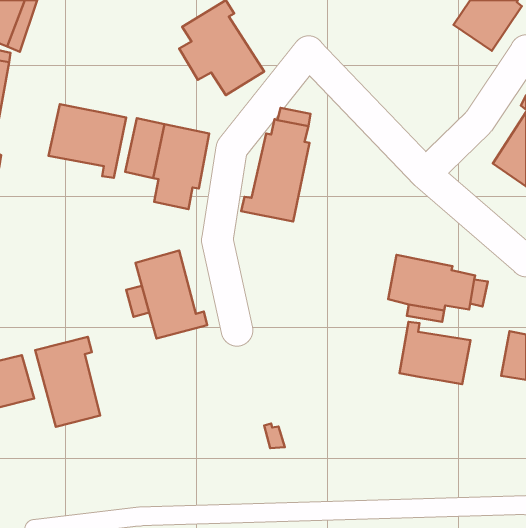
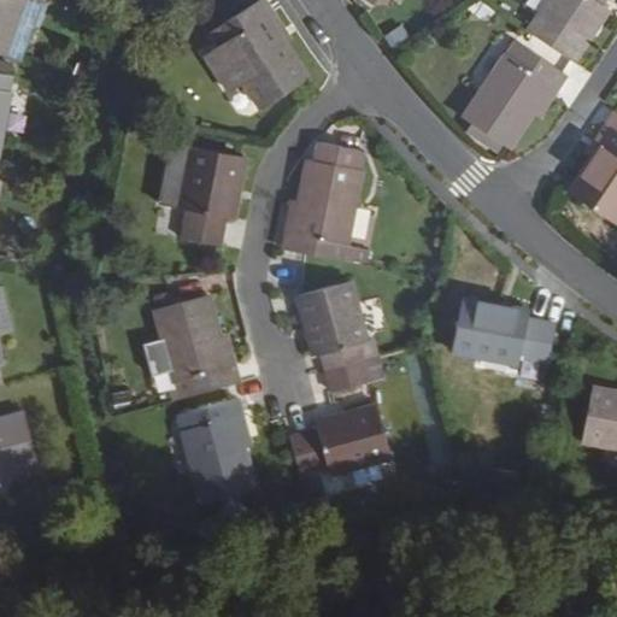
building: none -> [463,41,565,147]
building: [49,104,126,178] -> none
building: none -> [299,280,389,389]
building: [400,322,471,384] -> none
building: [35,337,100,427] -> [176,398,252,503]
building: none -> [292,406,392,475]

